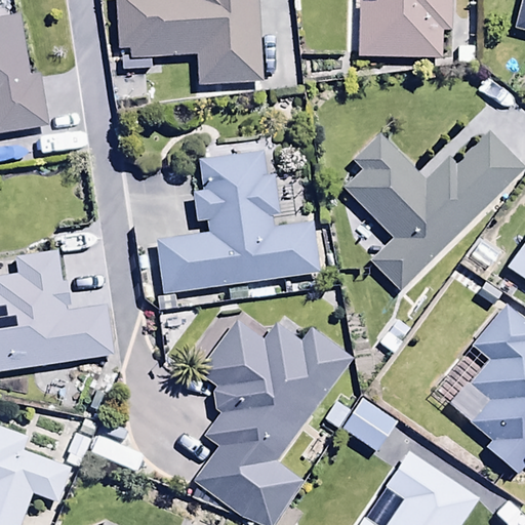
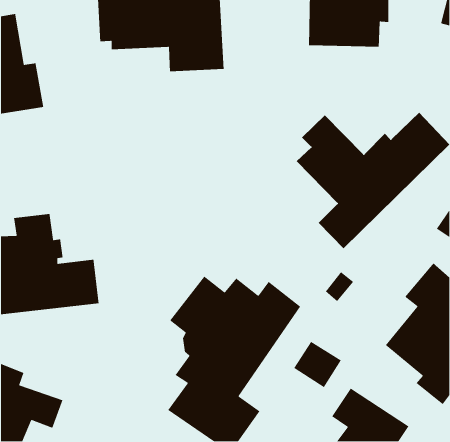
building: [154,152,320,293] -> none

